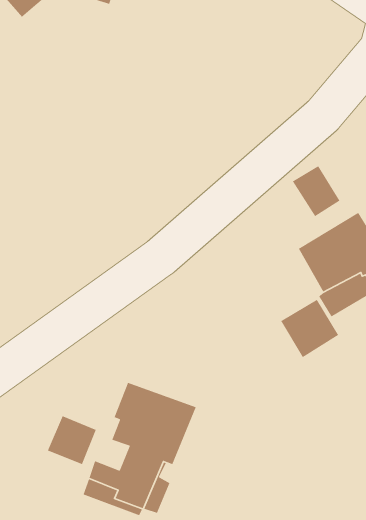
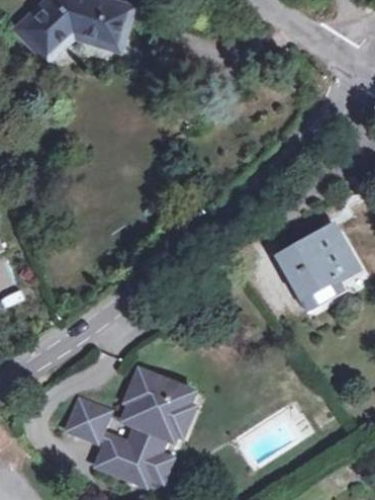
building: [292,165,340,217] -> none
building: [280,299,339,358] -> none

